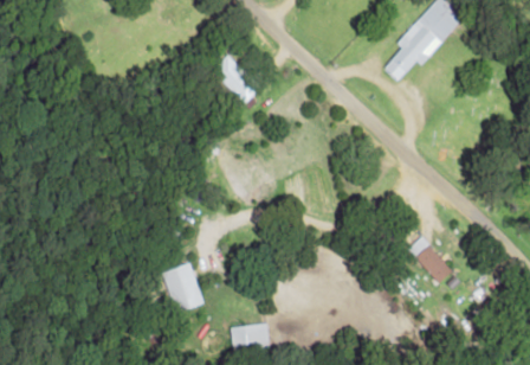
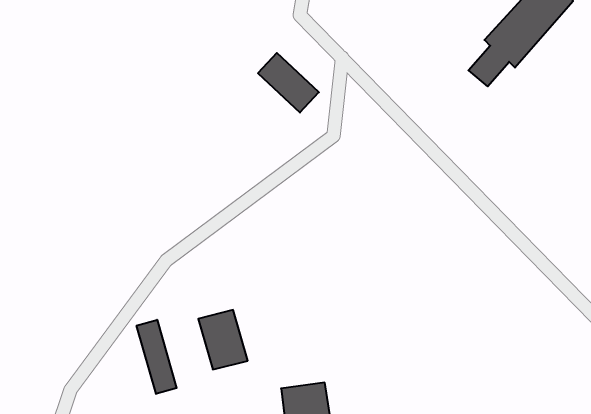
building: [408,237,453,283] -> none
building: none -> [137,320,177,394]

